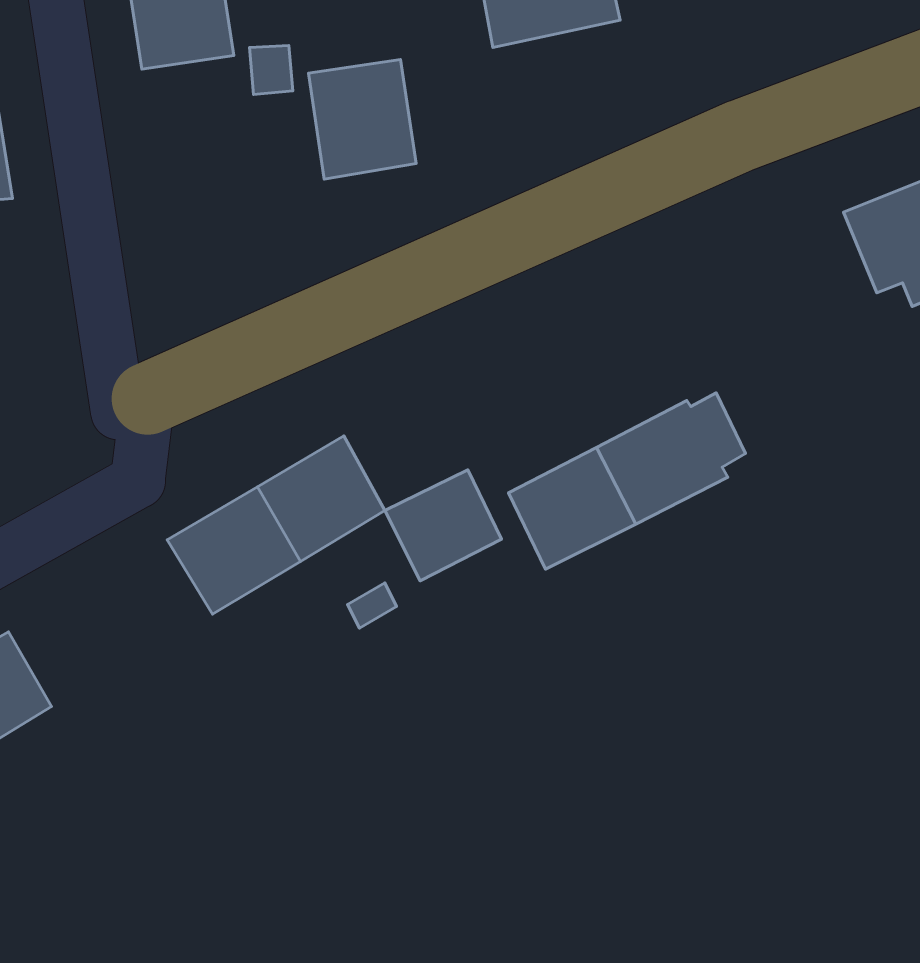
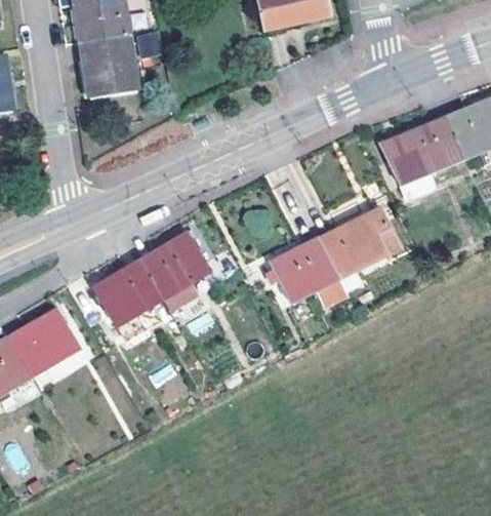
building: [308,60,416,179] -> [80,34,136,96]
building: none -> [381,116,464,199]
building: [385,470,502,581] -> none
building: none -> [10,309,78,374]

